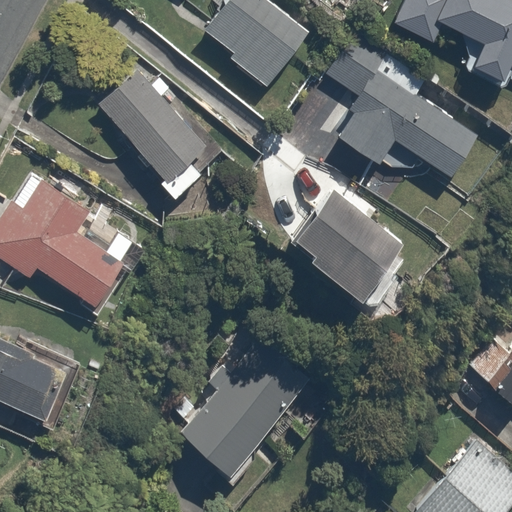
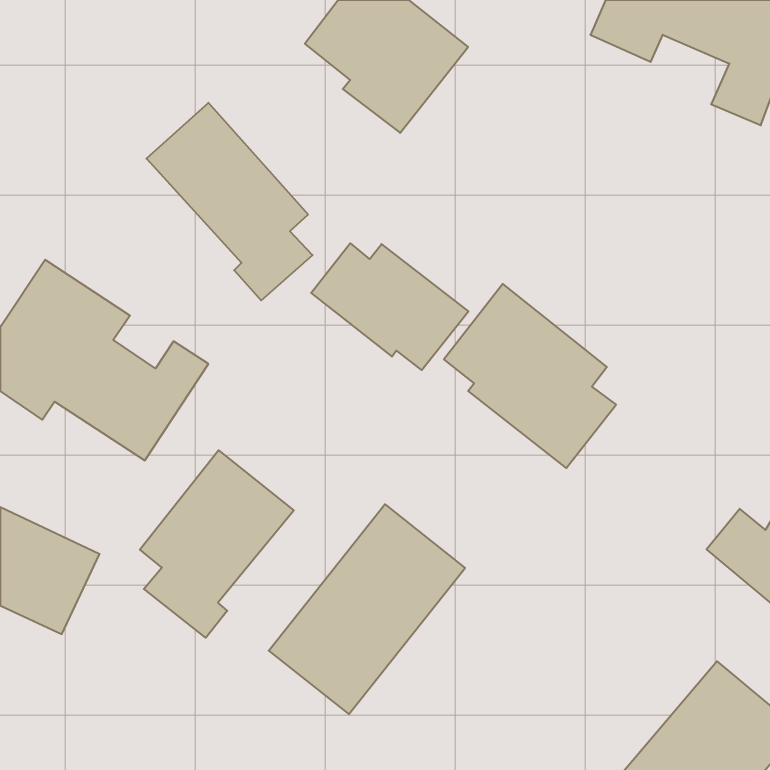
building: [325,50,477,181] -> none
building: none -> [311,243,468,370]
building: none -> [140,450,294,638]

